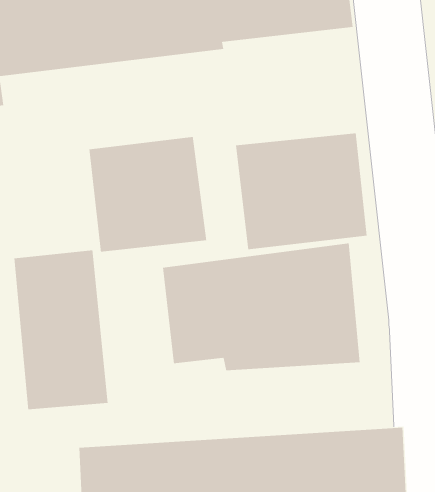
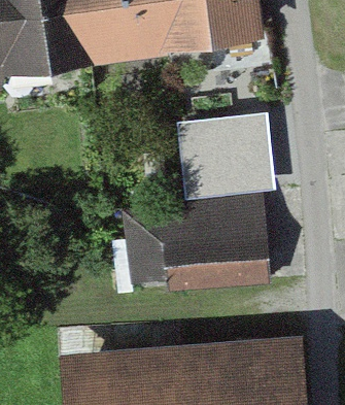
building: [89,136,207,253] -> none
building: [14,249,108,410] -> none

